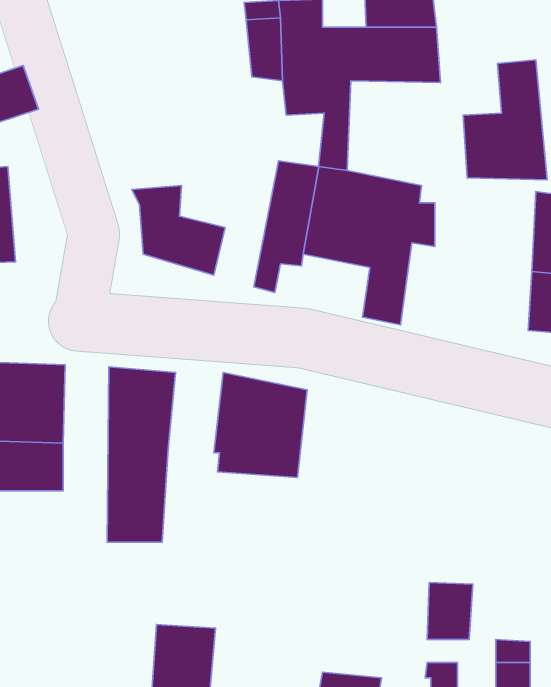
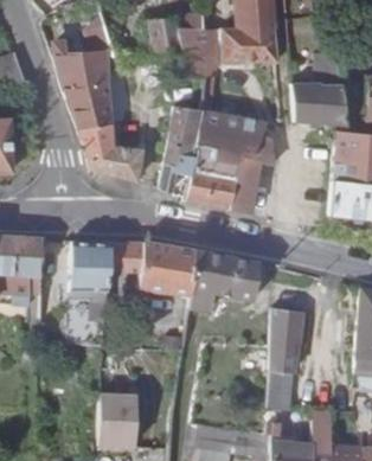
building: none -> [51,36,116,128]
building: none -> [185,168,233,207]
building: none -> [108,242,142,292]
building: none -> [186,252,259,325]
building: none -> [270,305,303,373]

